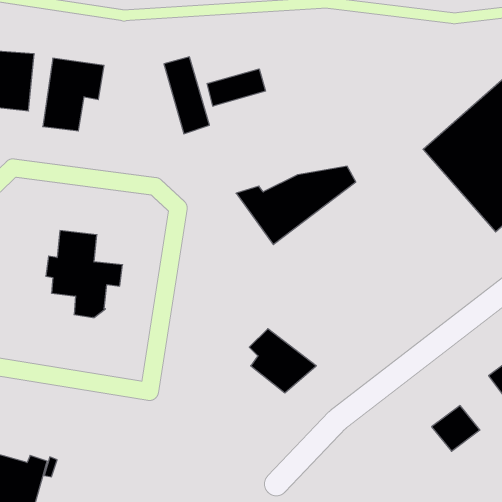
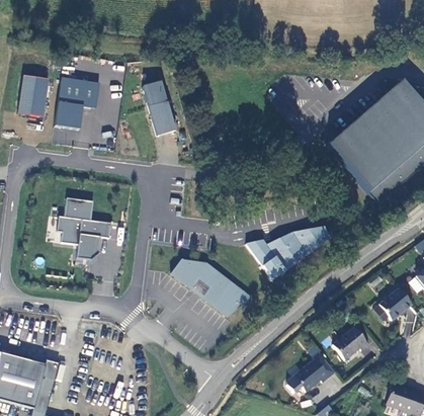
building: [207,69,266,106] -> none
building: [236,166,356,245] -> [248,226,333,281]
building: none -> [171,261,216,289]
building: none -> [293,350,335,390]

